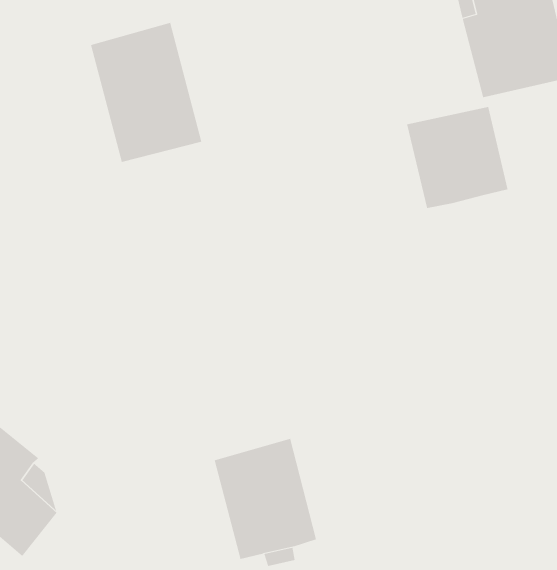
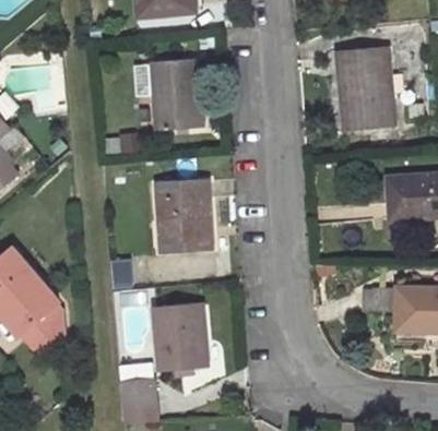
building: [407,106,508,209] -> none
building: none -> [159,185,213,254]

